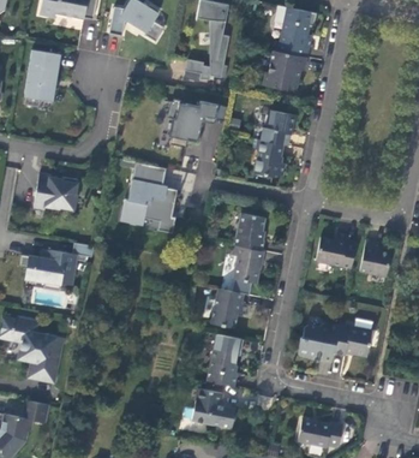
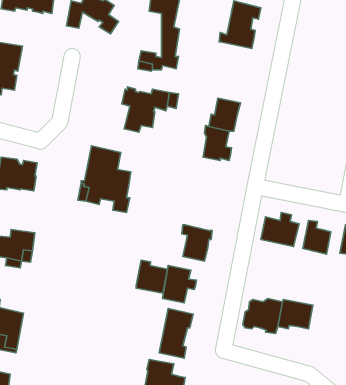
building: [262,50,306,90] -> none
building: [235,214,265,251] -> none
building: none -> [136,260,168,293]

